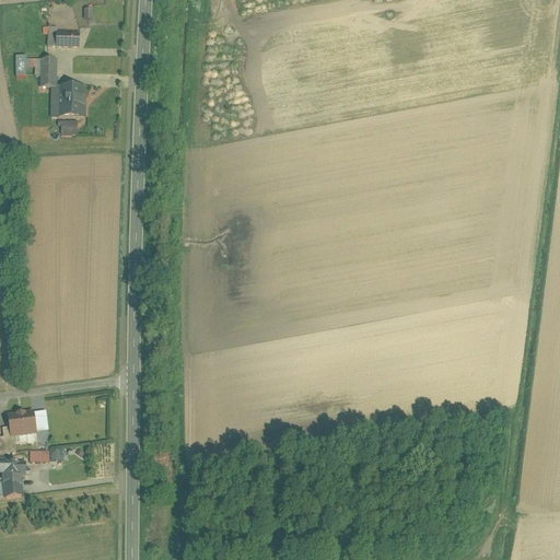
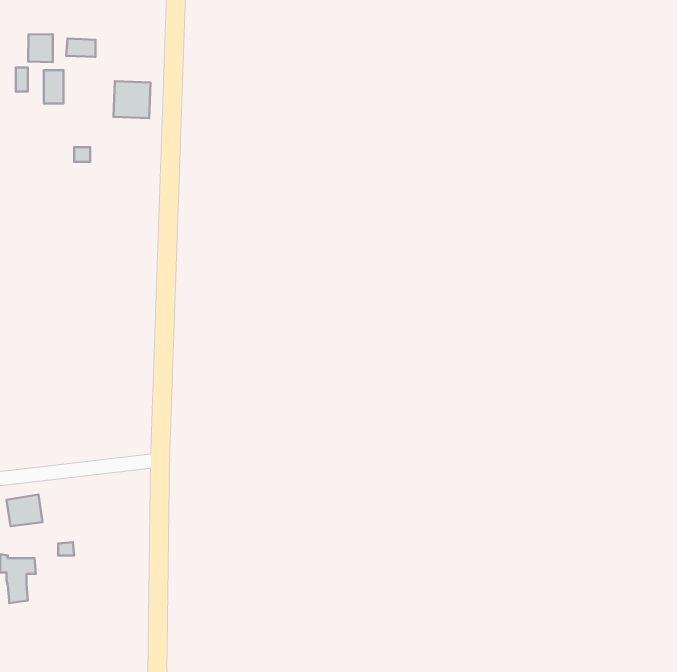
building: none -> [28,34,53,62]
building: [54,85,84,116] -> [114,81,151,118]

